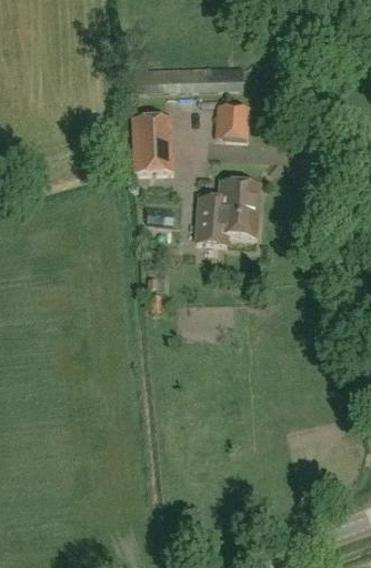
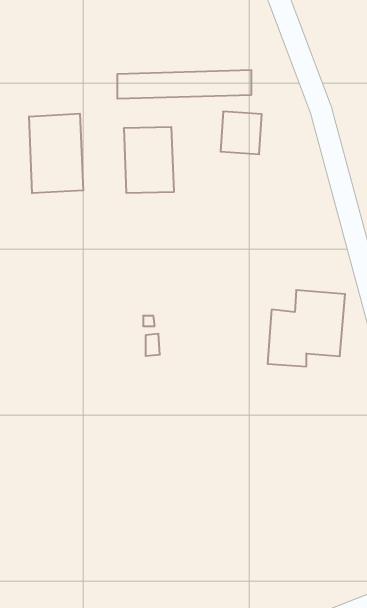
building: none -> [29,114,83,193]
building: [194,179,261,244] -> [268,290,345,366]

